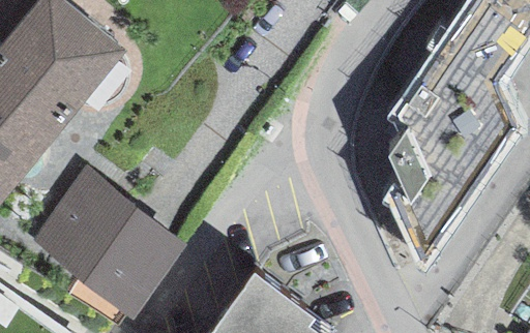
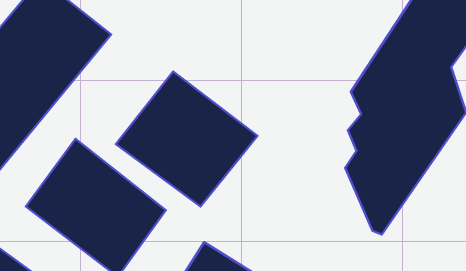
building: none -> [116,71,257,206]

